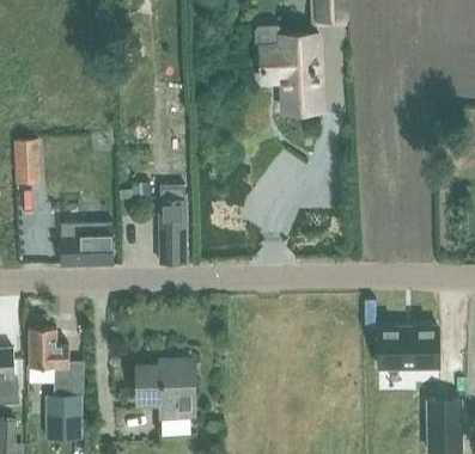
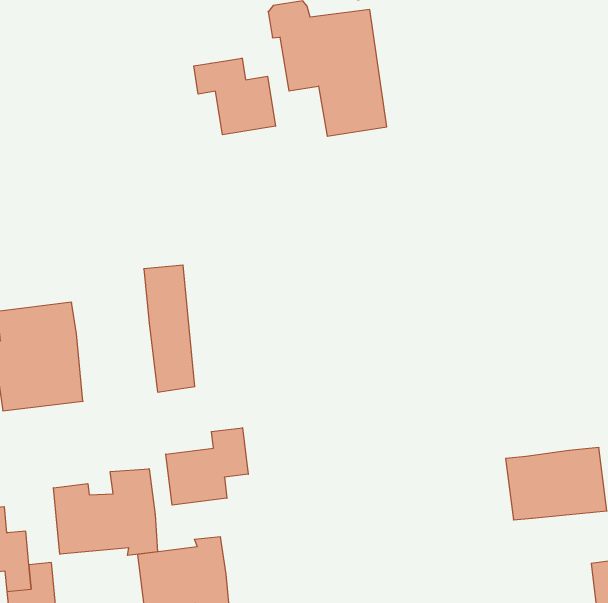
building: none -> [194,58,275,135]
building: none -> [166,428,248,505]
building: none -> [53,469,158,555]

